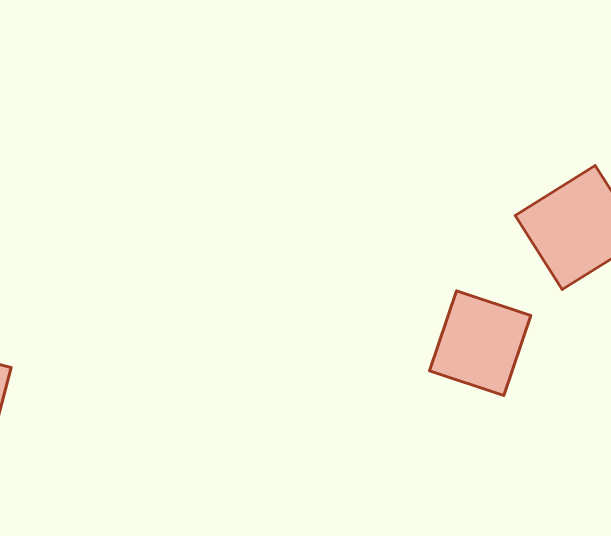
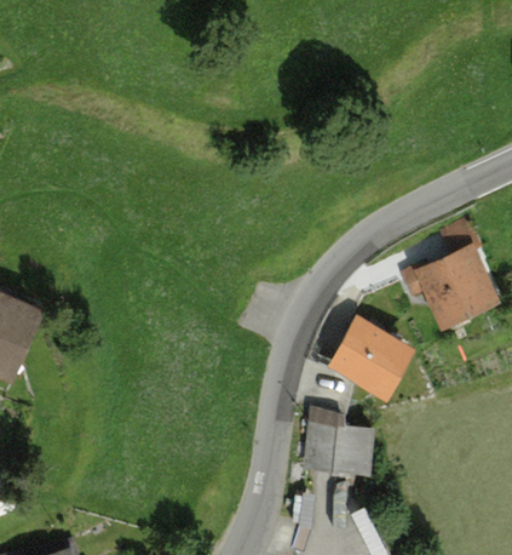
building: none -> [303,411,378,479]

